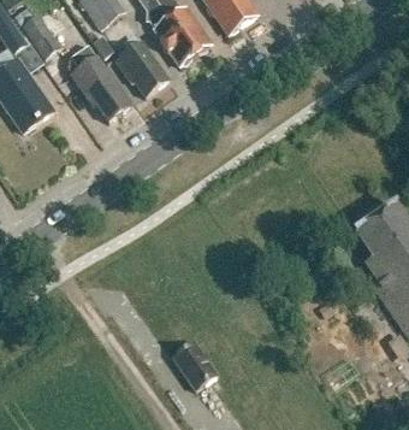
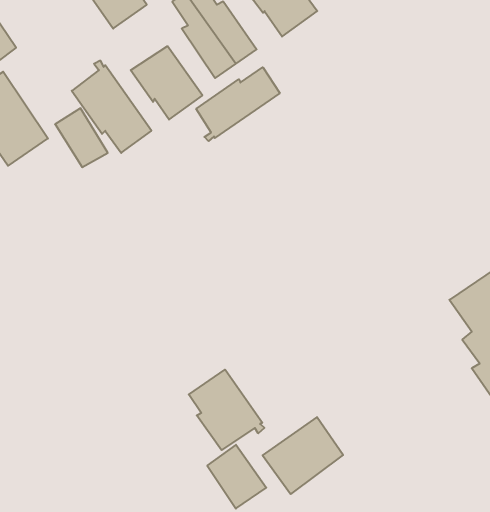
building: [24,16,64,60] -> [55,108,108,167]
building: none -> [196,67,280,141]
building: none -> [189,370,264,450]
building: none -> [263,417,343,494]

